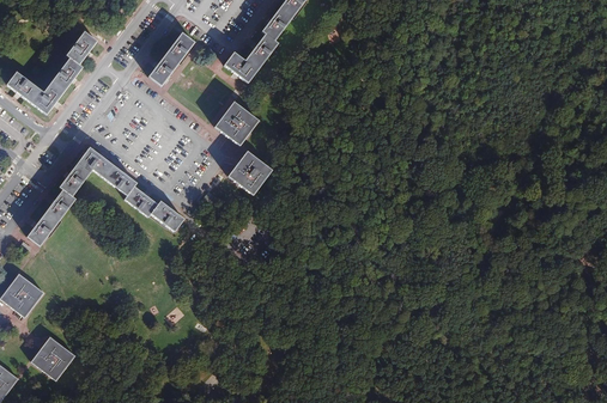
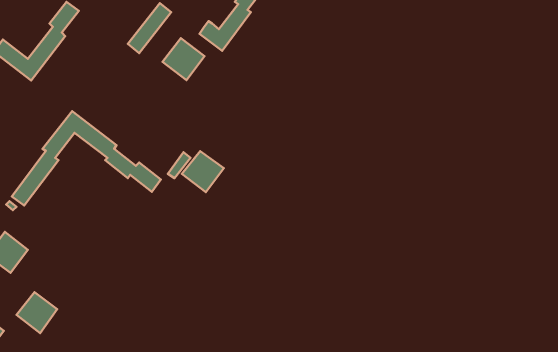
building: [213,100,257,145] -> [162,38,205,80]
building: [226,151,271,194] -> [182,151,224,192]

